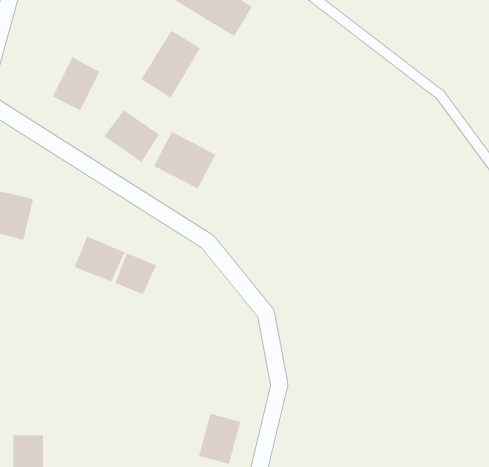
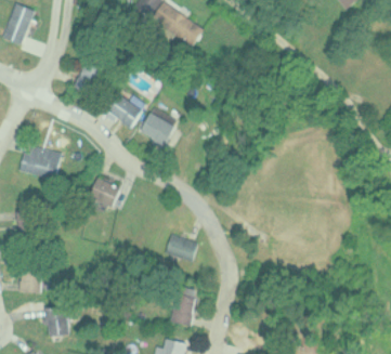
building: [140,30,201,99] -> none
building: [114,253,157,295] -> none
building: none -> [160,234,196,263]

